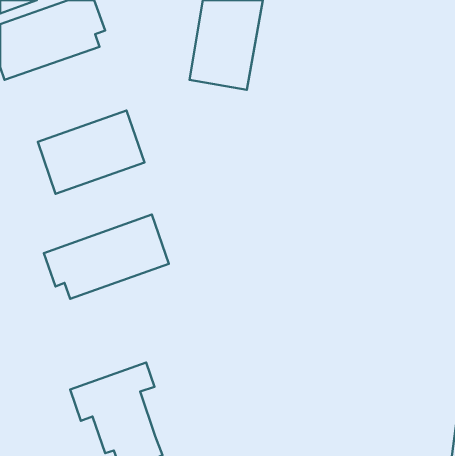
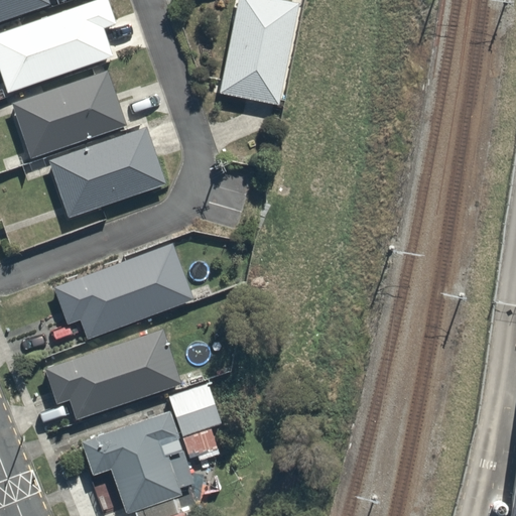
building: none -> [11,70,130,162]
building: none -> [40,328,181,422]
building: none -> [167,383,223,434]

